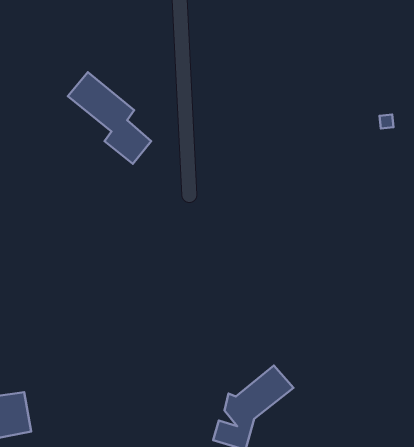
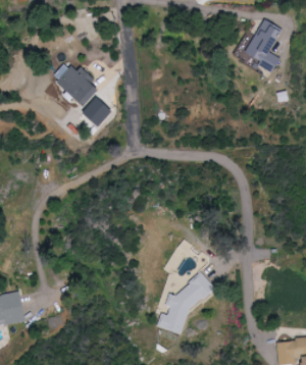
building: none -> [246,19,282,73]

